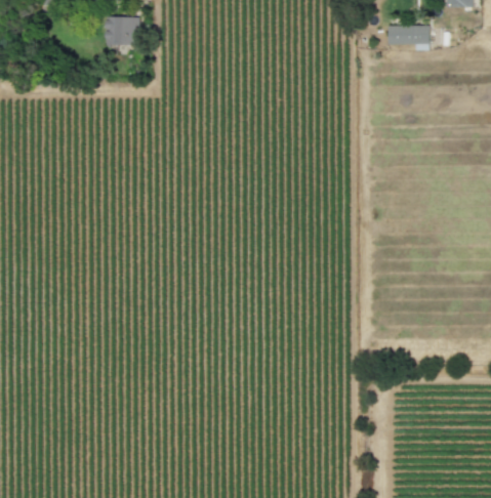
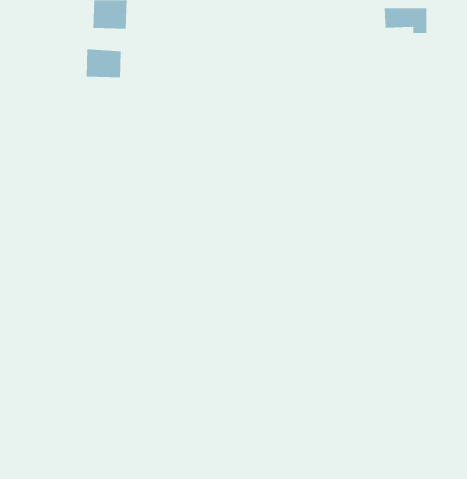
building: none -> [86,49,121,78]

